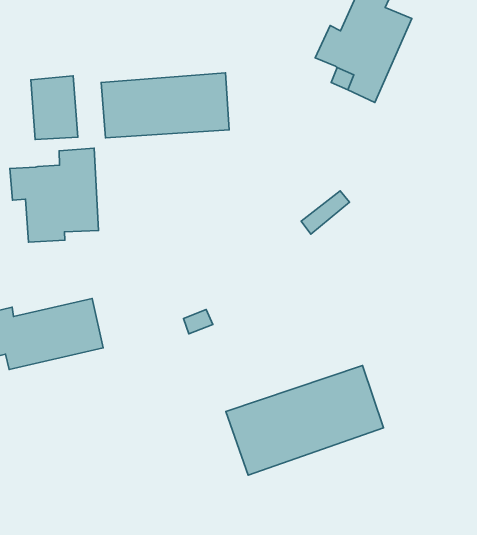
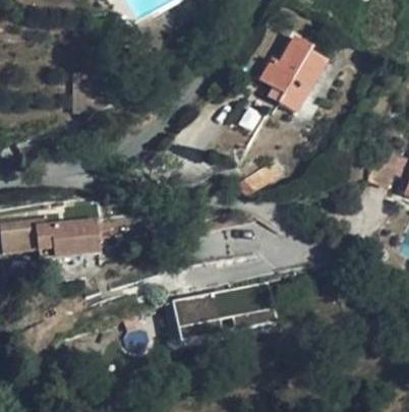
building: [101,73,229,138] -> none
building: [10,148,98,242] -> none

